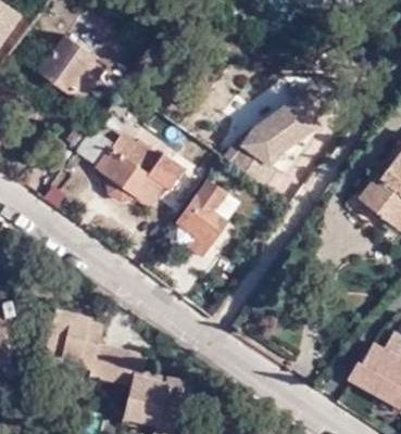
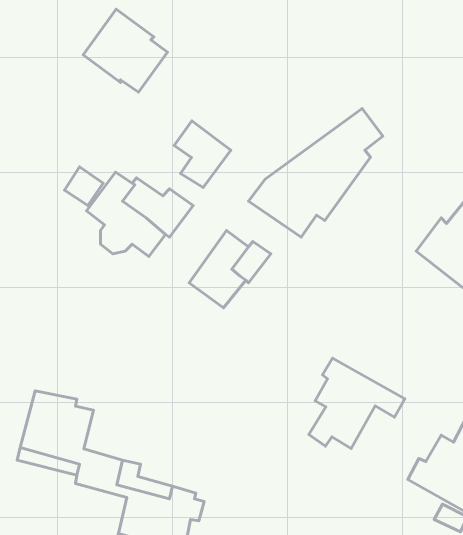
building: [39,34,105,99] -> [83,9,168,92]
building: none -> [174,121,231,188]
building: none -> [309,358,405,448]

